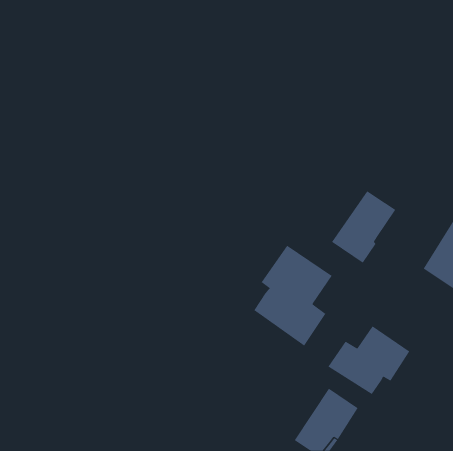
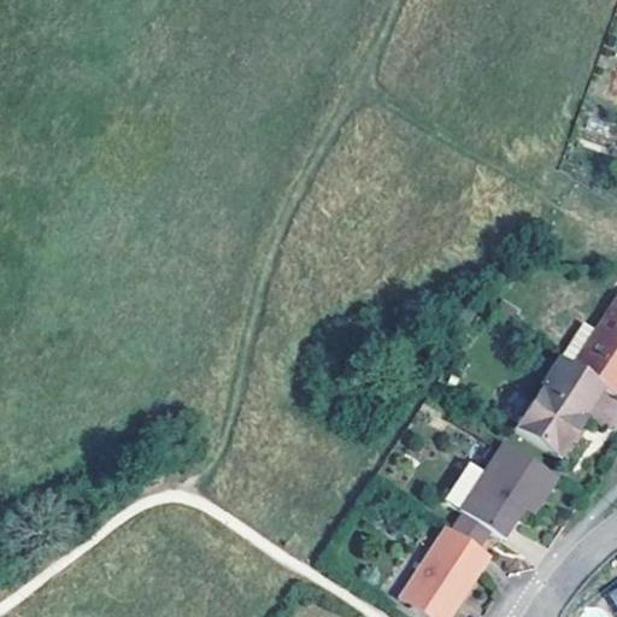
building: [331,190,396,263] -> [516,357,604,456]
building: [253,245,332,347] -> none

